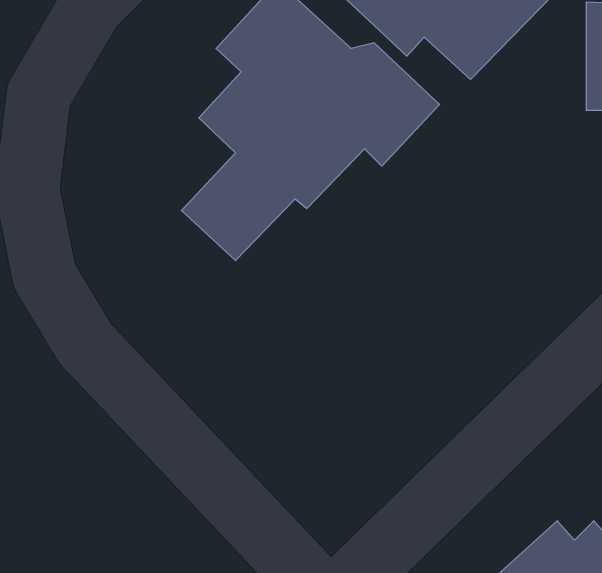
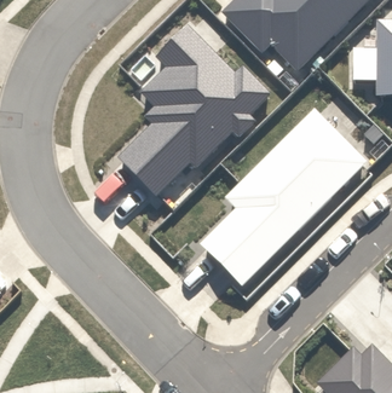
building: none -> [208,111,358,276]

